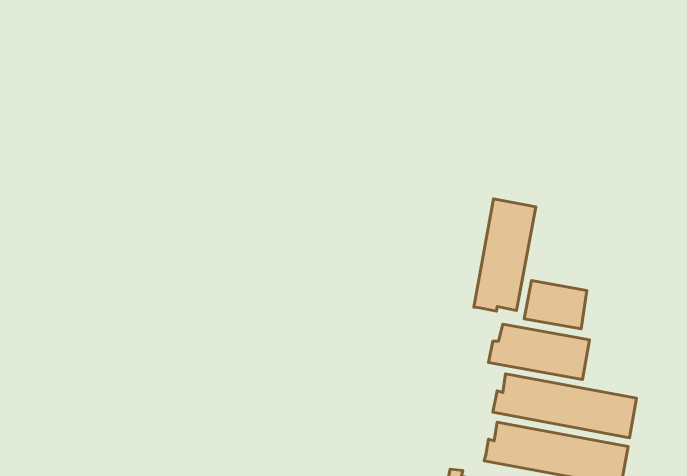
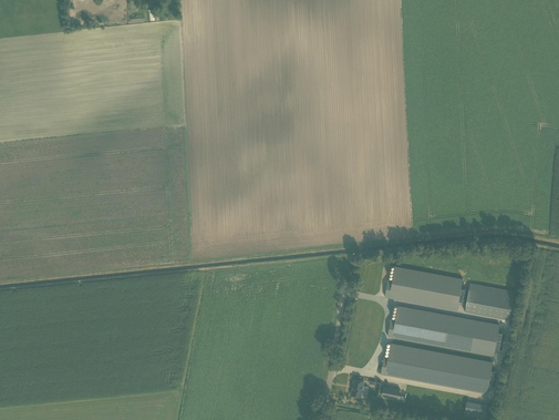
building: [474,199,536,311] -> none
building: [524,280,587,329] -> [465,283,514,320]

